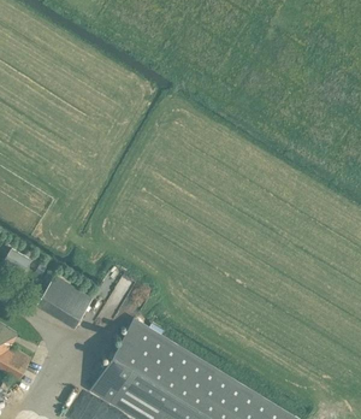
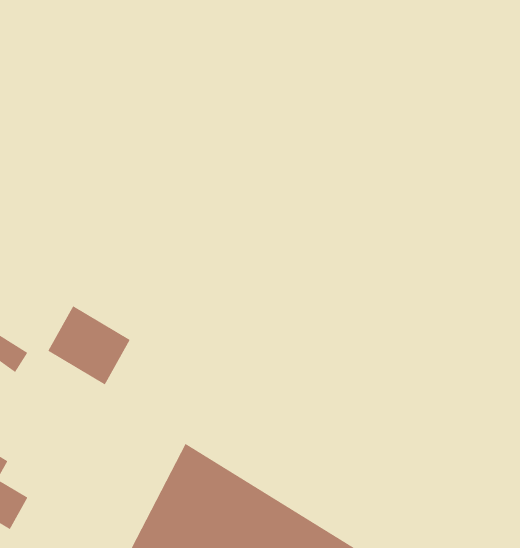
building: [35,272,90,325] -> [47,306,130,385]

